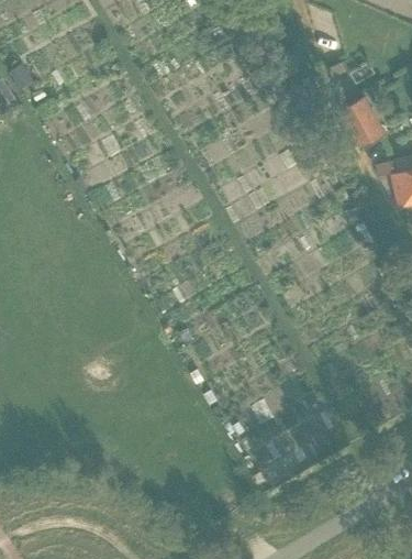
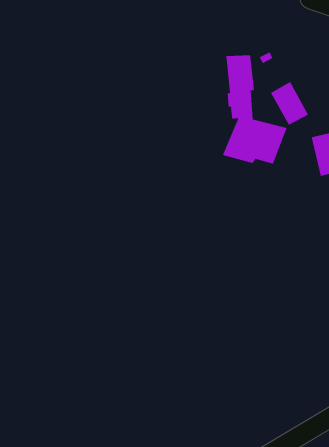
building: none -> [222,55,287,164]

